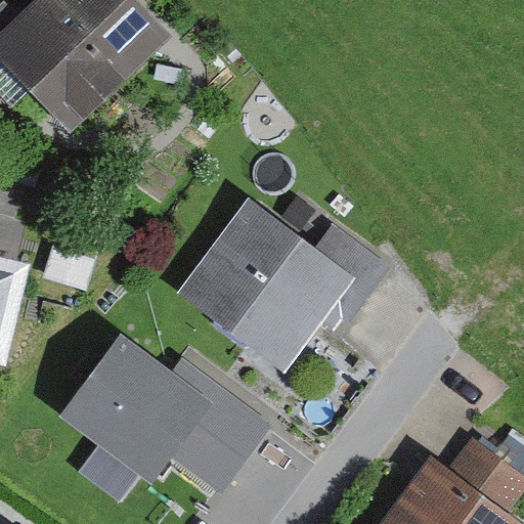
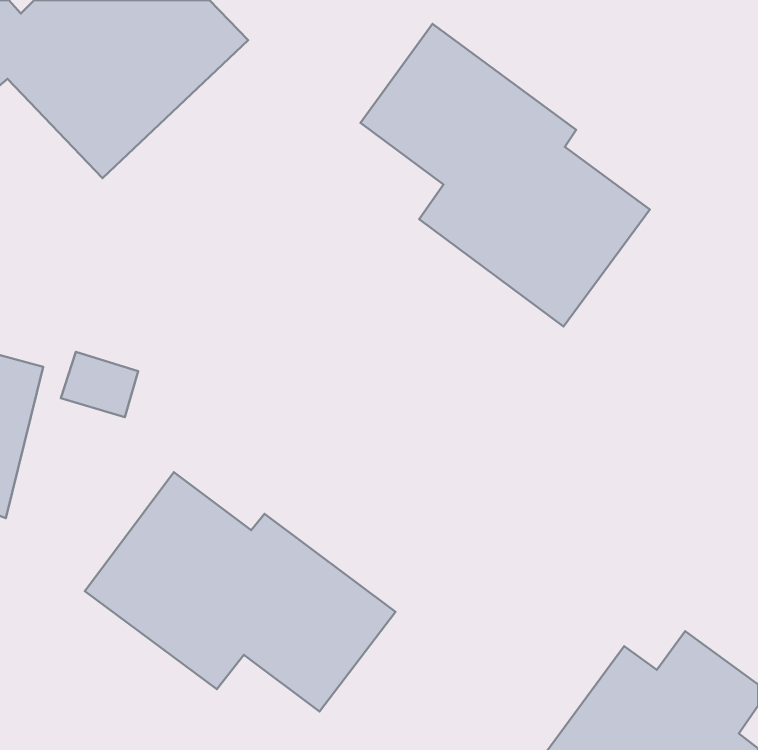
building: none -> [361,24,650,326]
building: [172,194,390,375] -> none

